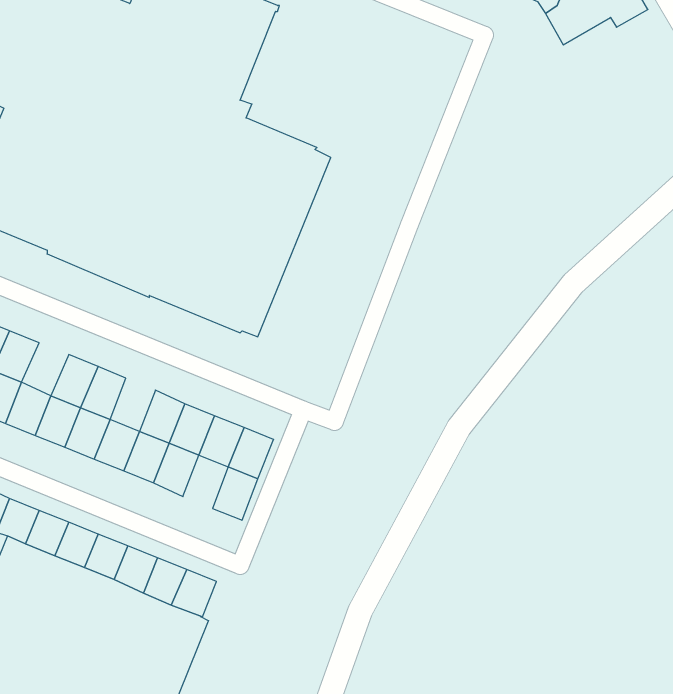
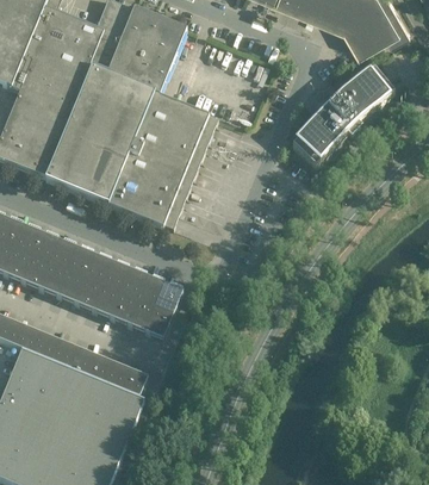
building: none -> [291,68,394,167]
building: none -> [30,232,58,265]
building: none -> [83,254,111,286]
building: none -> [128,300,155,332]

